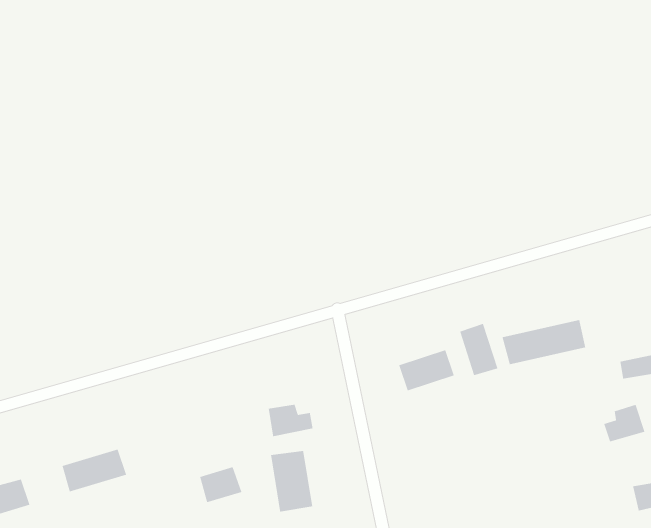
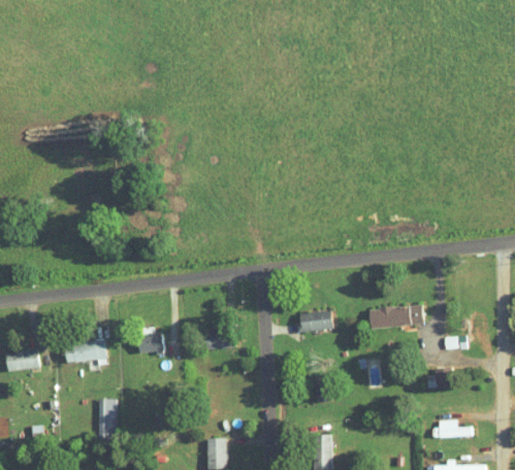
building: [459,323,499,376] -> none
building: [270,450,313,513] -> none
building: [199,466,242,503] -> [137,331,164,352]

